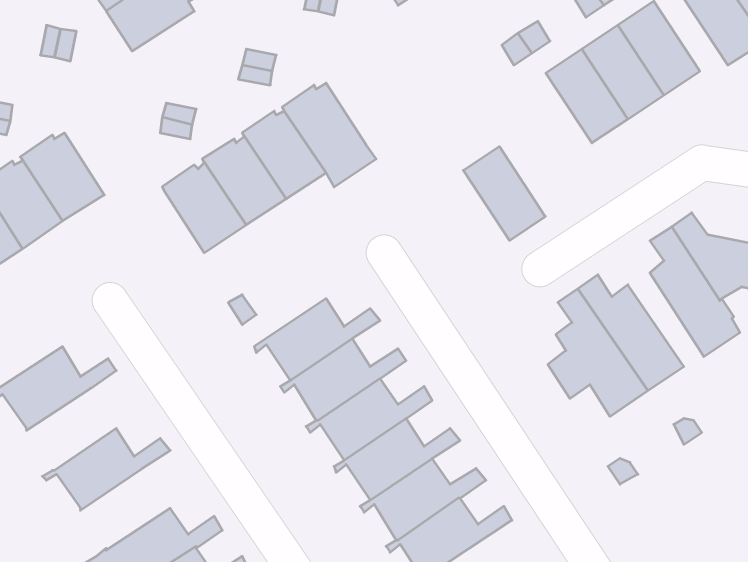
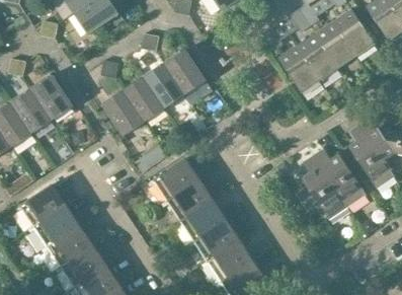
building: [463,147,545,240] -> [277,45,319,92]
building: none -> [27,205,92,246]
building: none -> [55,245,118,287]

